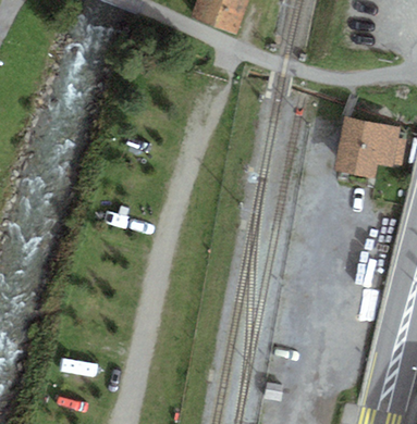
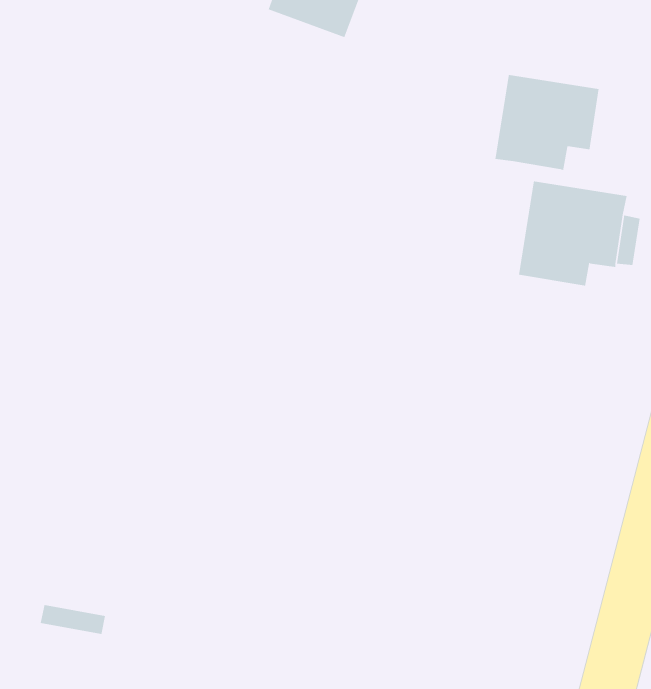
building: none -> [495,74,599,171]

